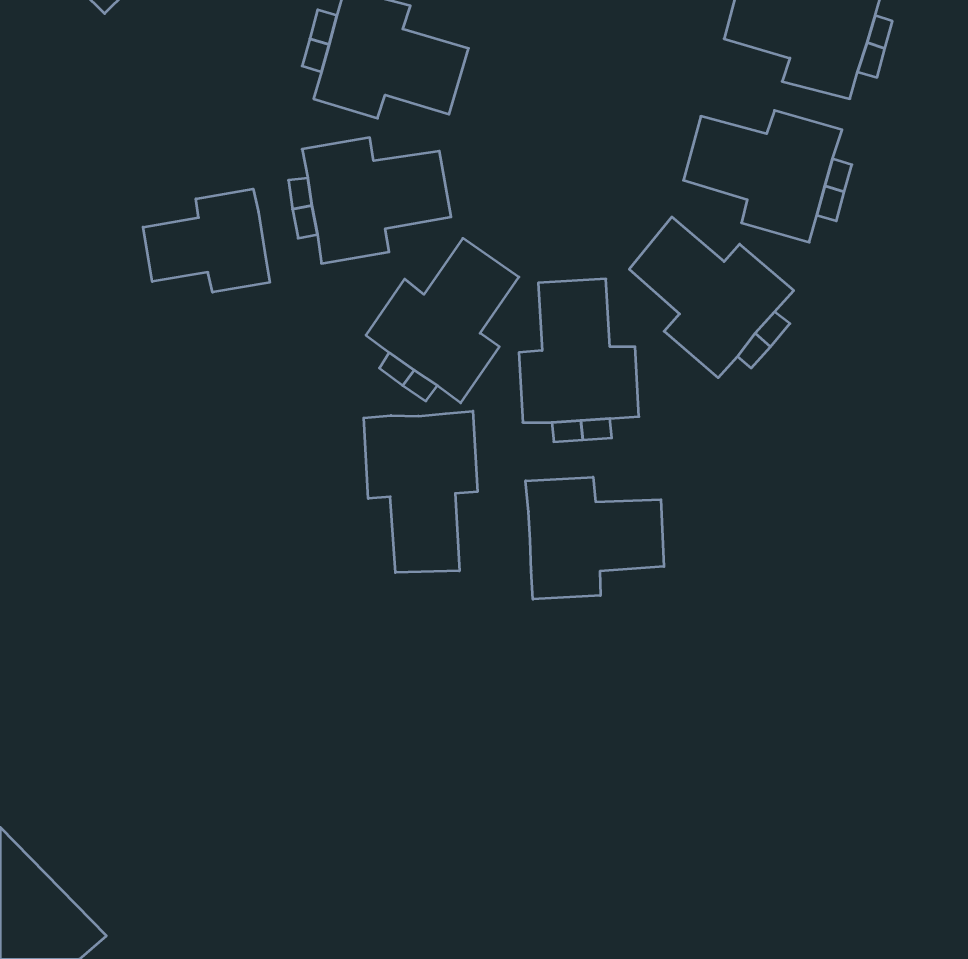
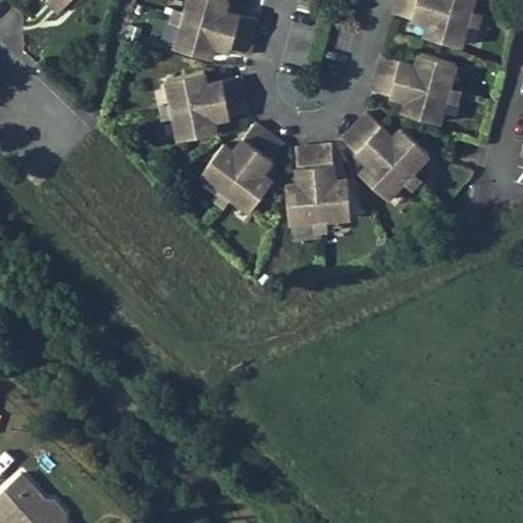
building: [143,189,270,292] -> none
building: [364,411,477,573] -> none
building: [526,477,664,599] -> none

